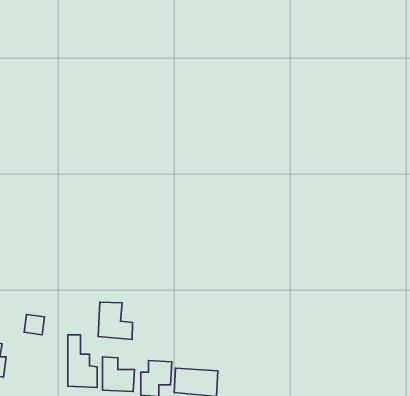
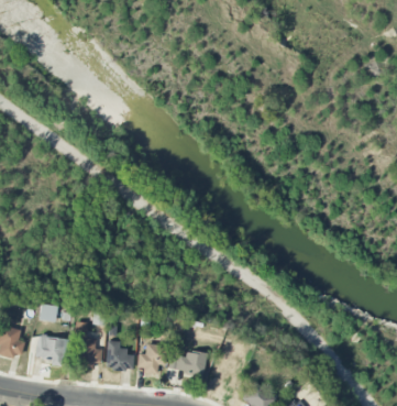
building: [98,302,132,340] -> none
building: none -> [35,336,67,365]

